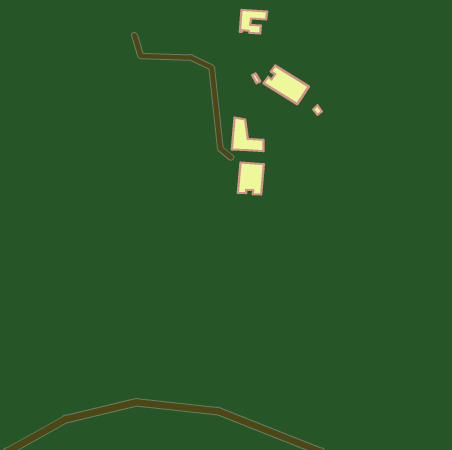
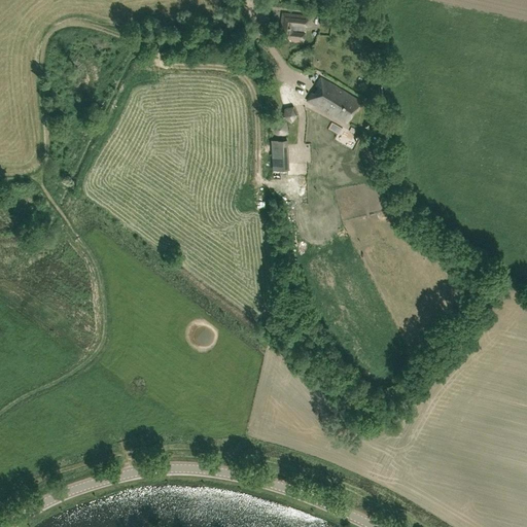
building: [238,162,264,195] -> none

